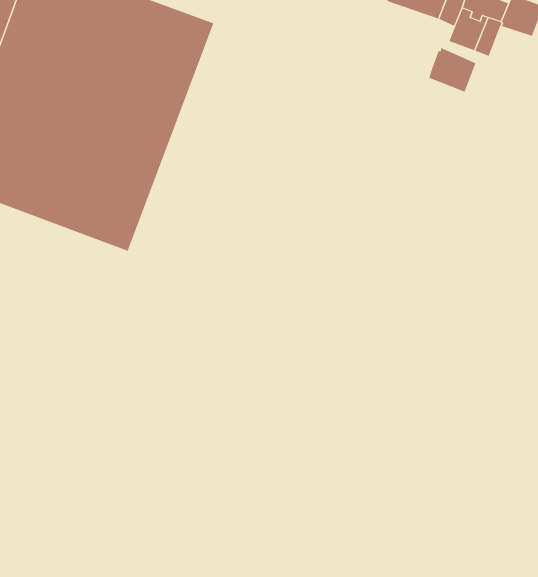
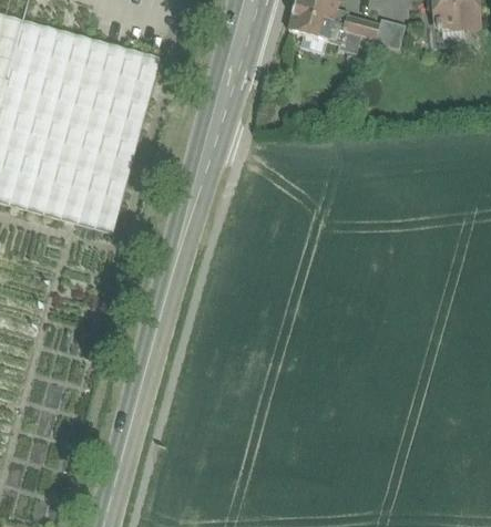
building: [429,47,476,93] -> none

